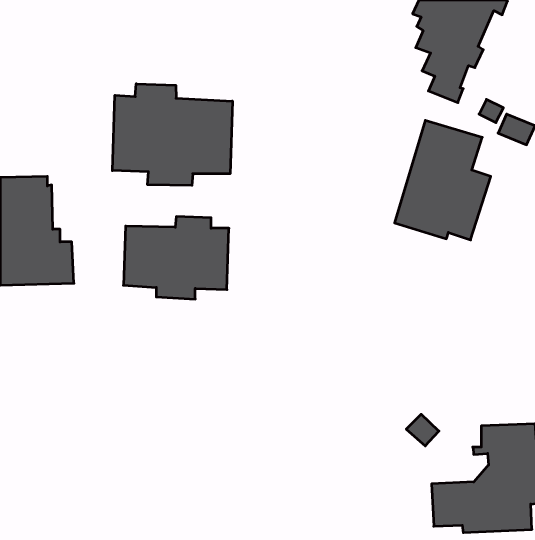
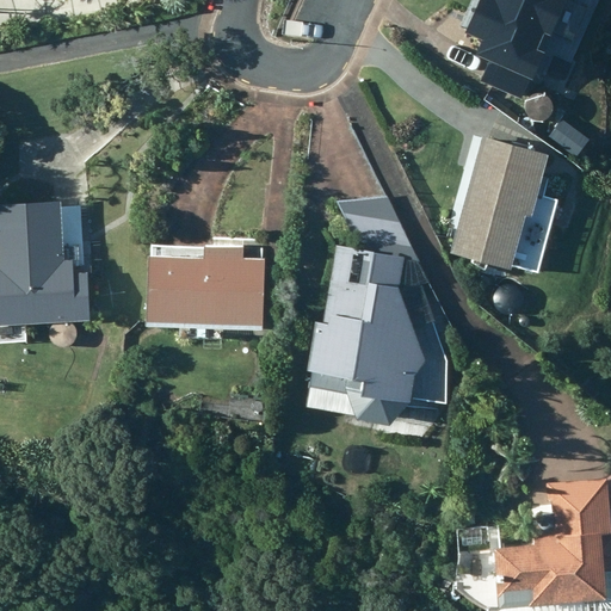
building: [112,84,232,185] -> none
building: none -> [304,193,439,425]

